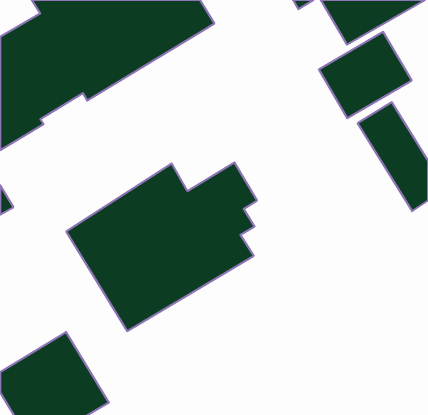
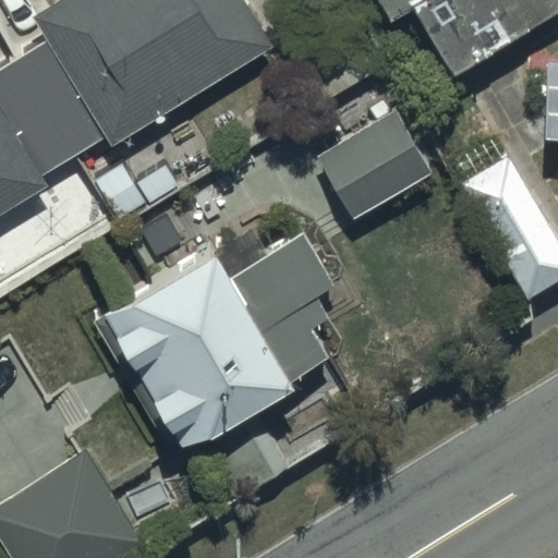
building: [319,32,412,118] -> [314,104,435,216]

